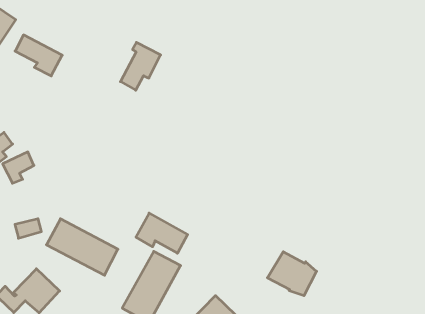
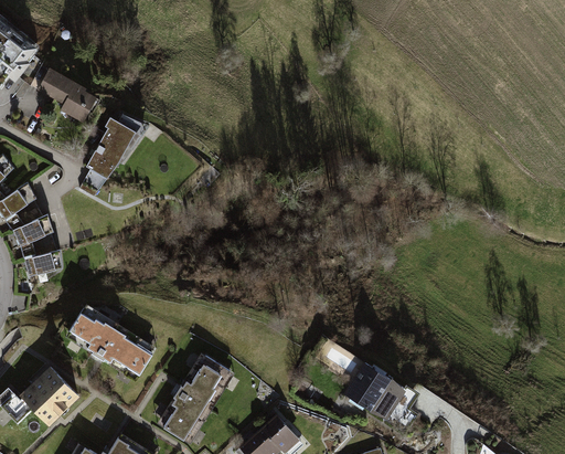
building: [120,42,161,90] -> [83,116,136,177]
building: [136,213,188,253] -> none
building: [15,219,41,238] -> [29,253,62,276]

